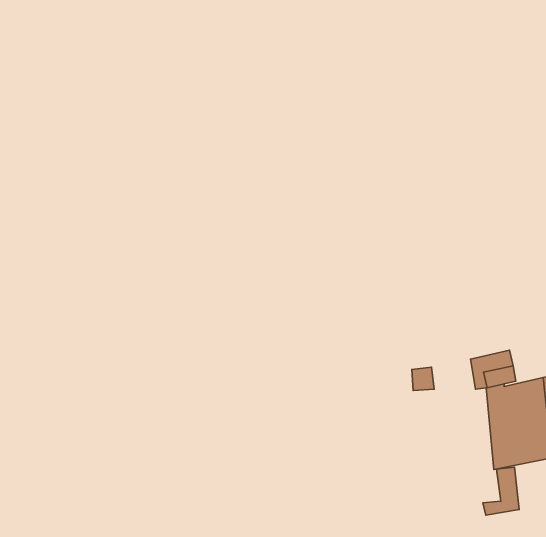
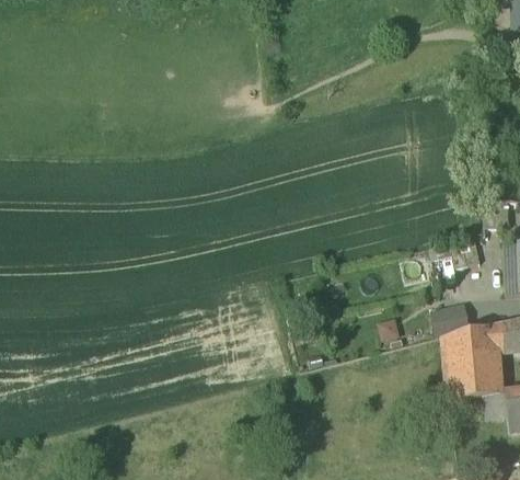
building: [483,467,519,515] -> none

